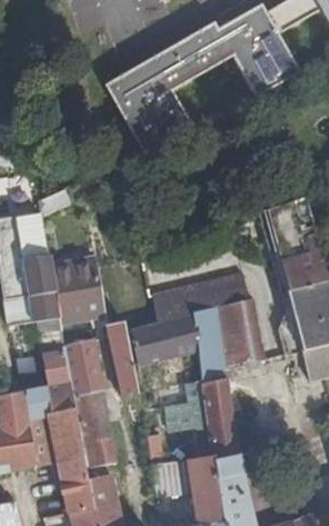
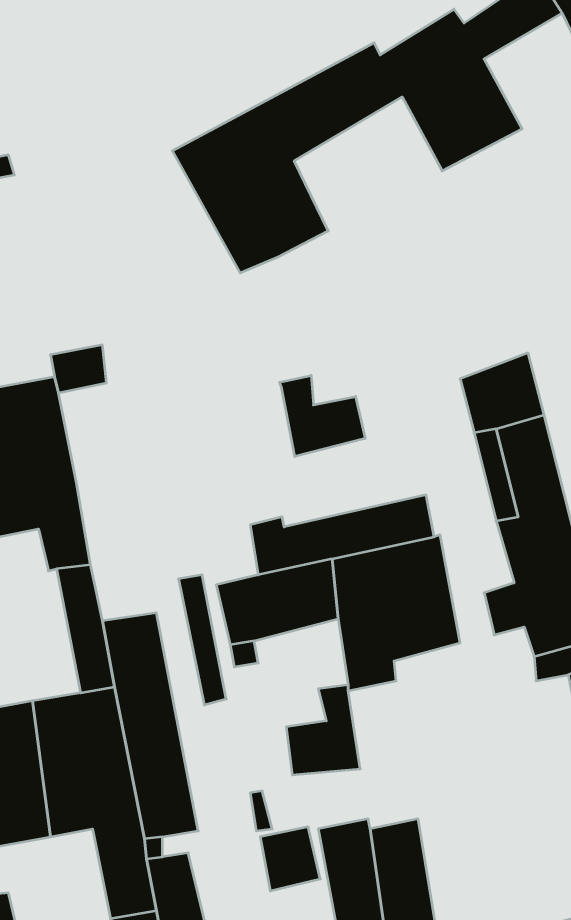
building: none -> [280,375,365,457]
building: [50,260,106,325] -> none
building: [201,379,240,462] -> none

